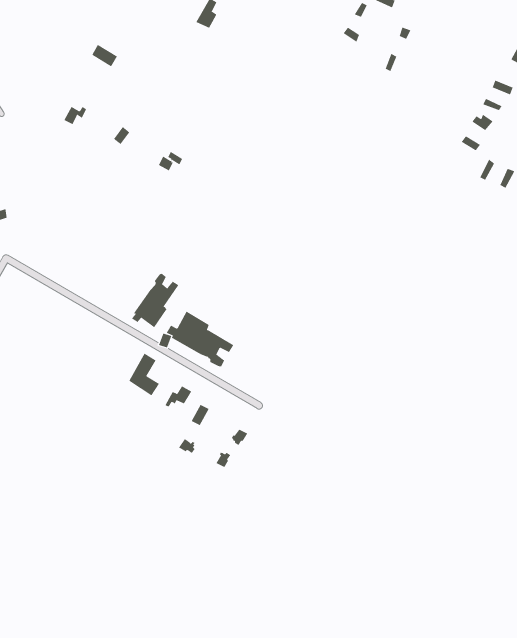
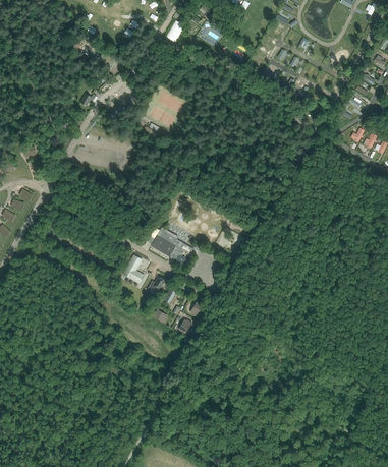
building: [131,273,179,328] -> none

